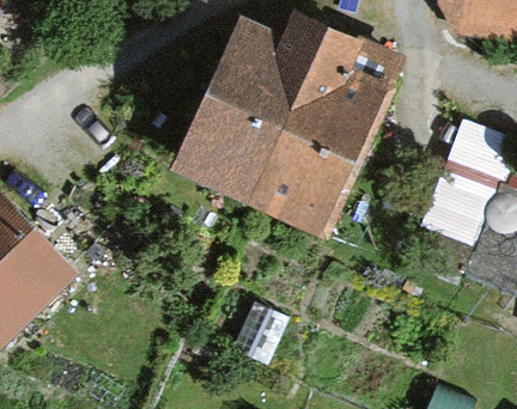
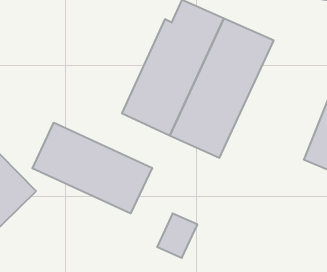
building: none -> [32,123,152,213]

